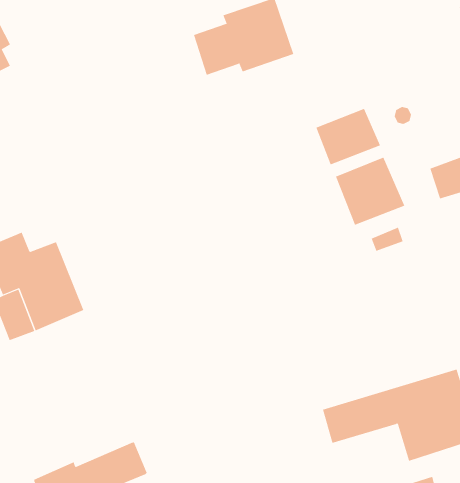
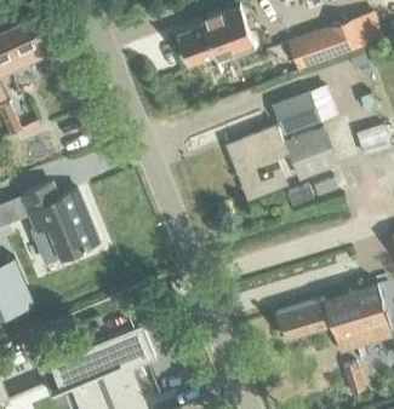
building: none -> [287,18,365,70]
building: none -> [234,125,289,196]

